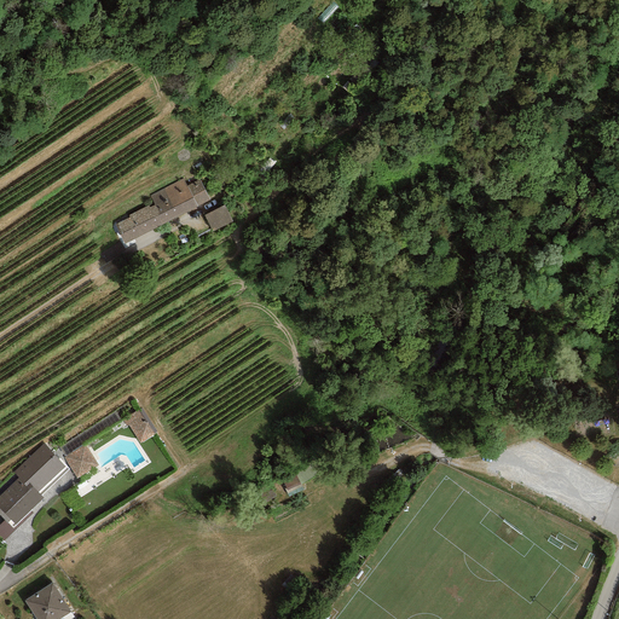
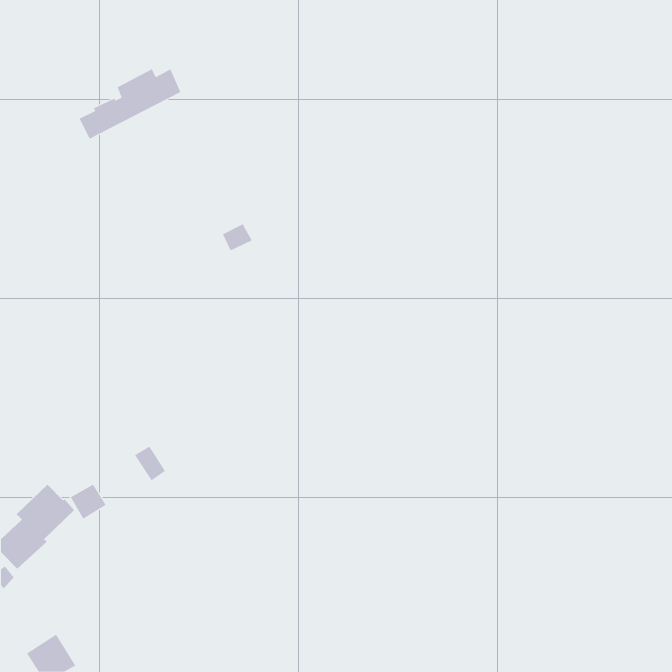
building: [115,179,209,244] -> [79,69,181,140]

